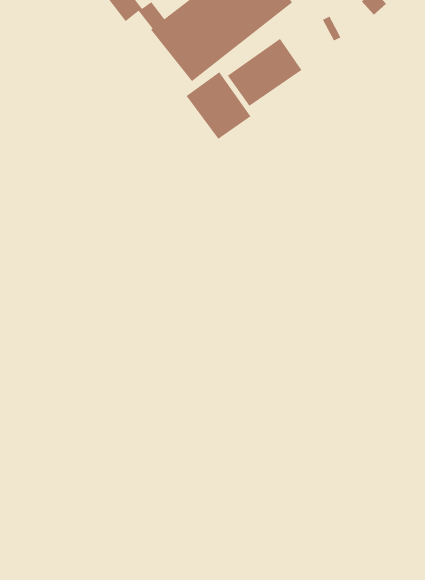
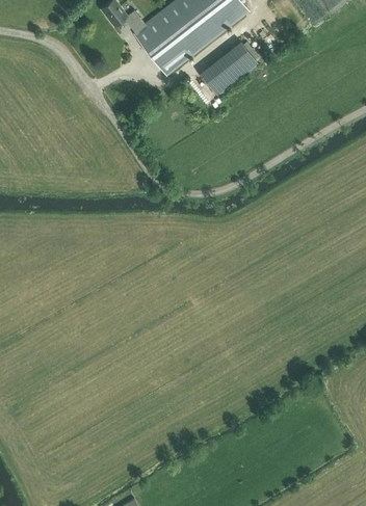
building: [186,71,251,140] -> none

